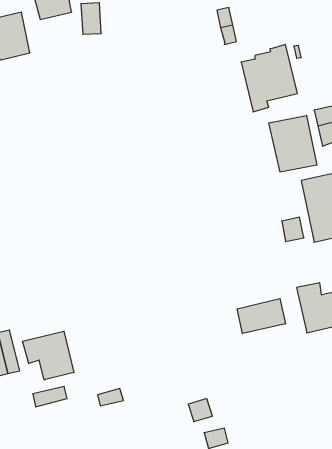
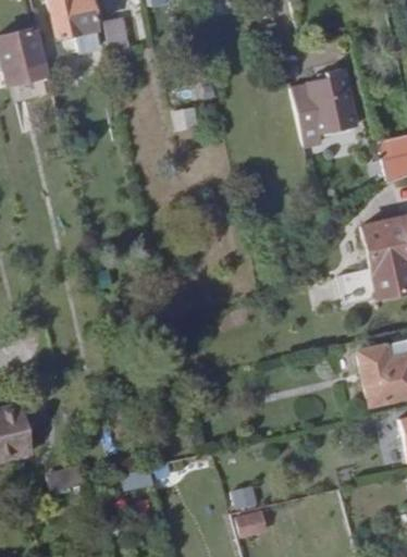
building: [269,115,317,172] -> none
building: [237,299,285,334] -> none
building: [23,331,74,380] -> none

